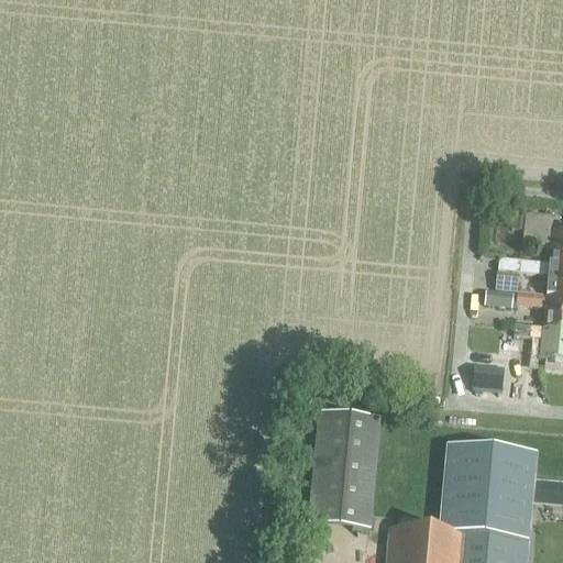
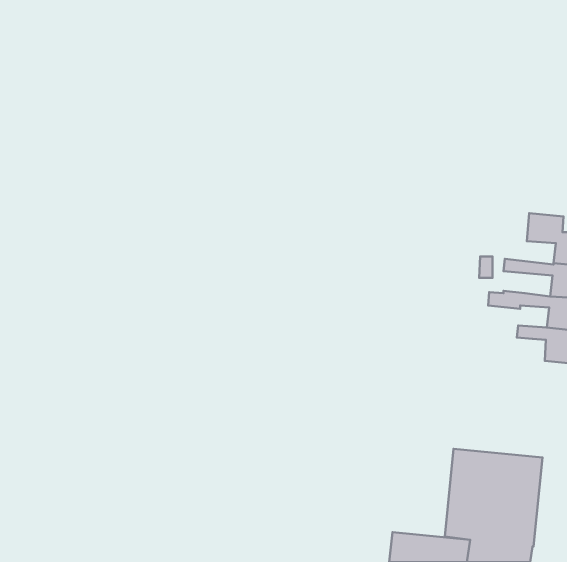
building: [470,361,505,387] -> none
building: [308,410,383,529] -> none

